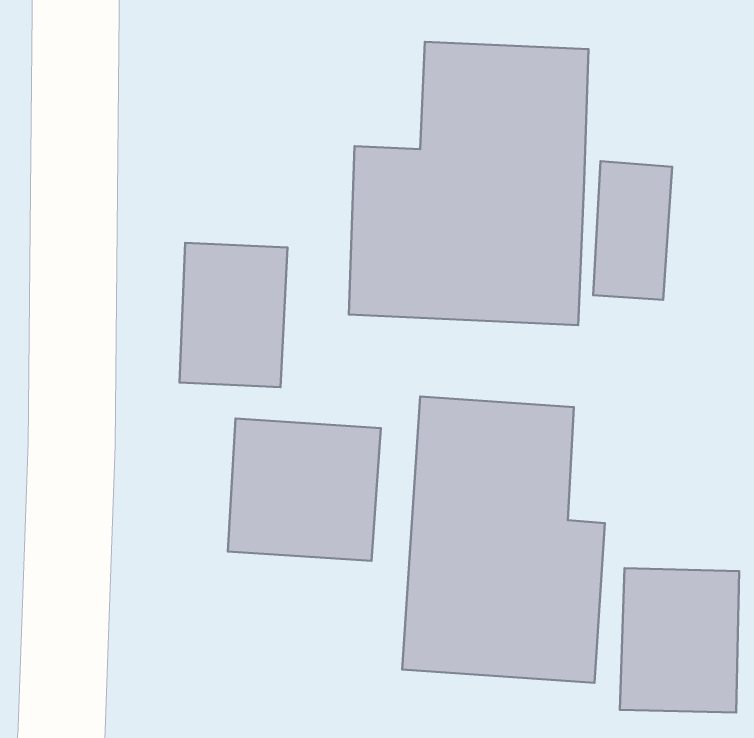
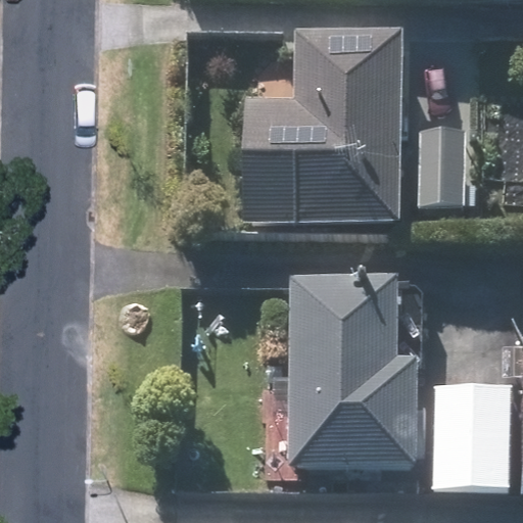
building: [180,243,288,387] -> none
building: [228,419,381,561] -> none

